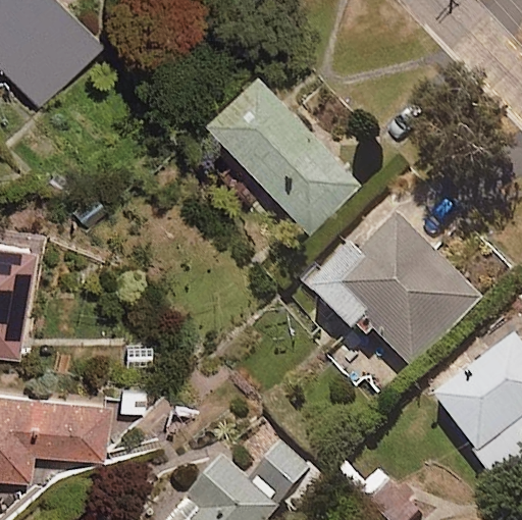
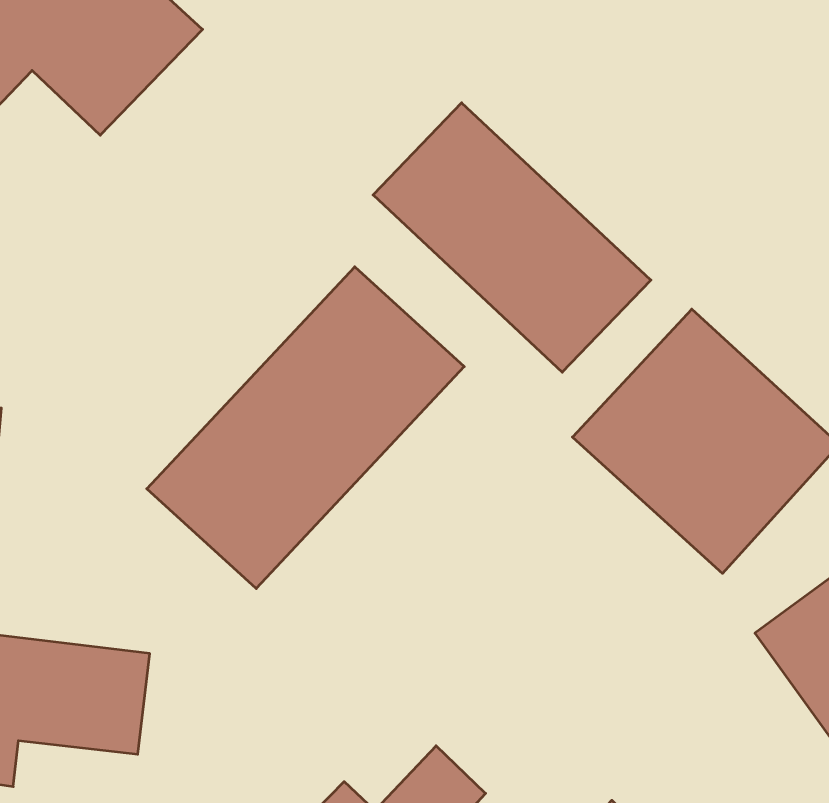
building: none -> [147,267,464,589]

